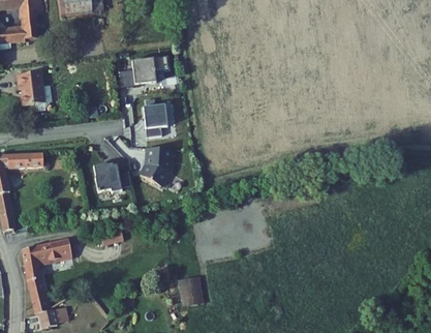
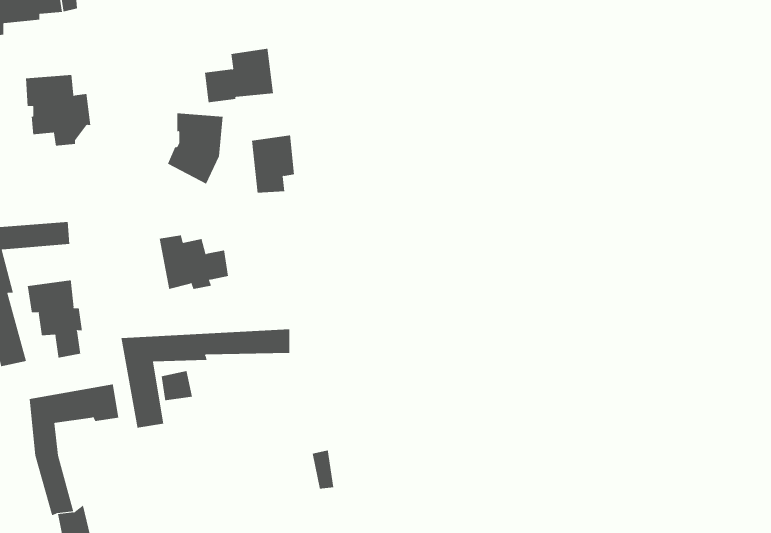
building: [144,147,175,186] -> [167,113,224,184]
building: none -> [27,279,83,359]
building: none -> [121,329,290,429]

